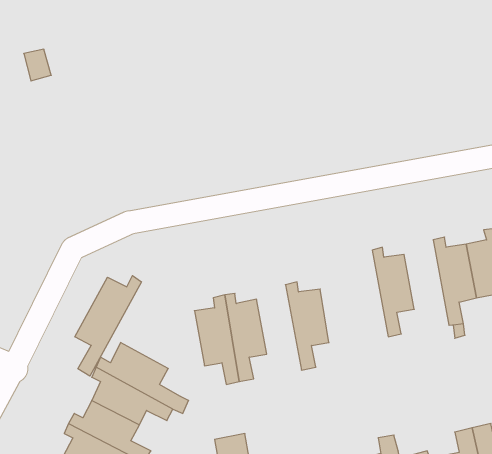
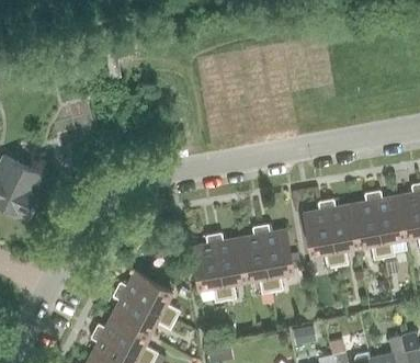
building: none -> [350,192,384,259]
building: none -> [303,200,338,268]
building: [75,276,141,376] -> none
building: none -> [238,226,272,293]

